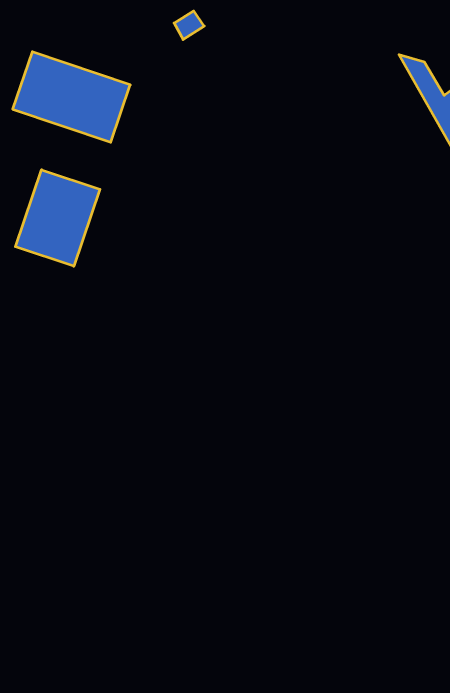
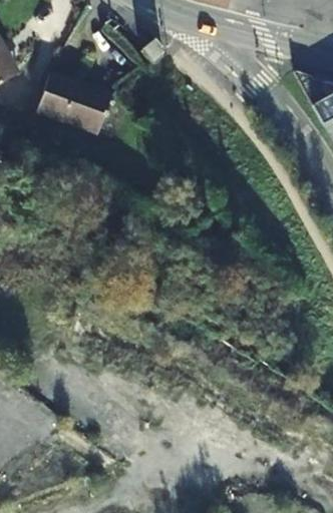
building: [15,170,100,266] -> none

